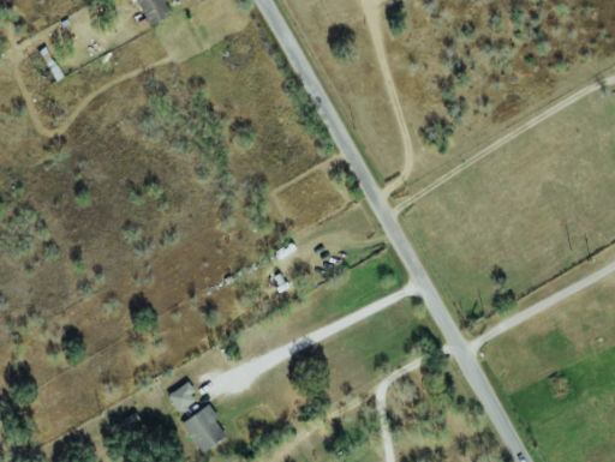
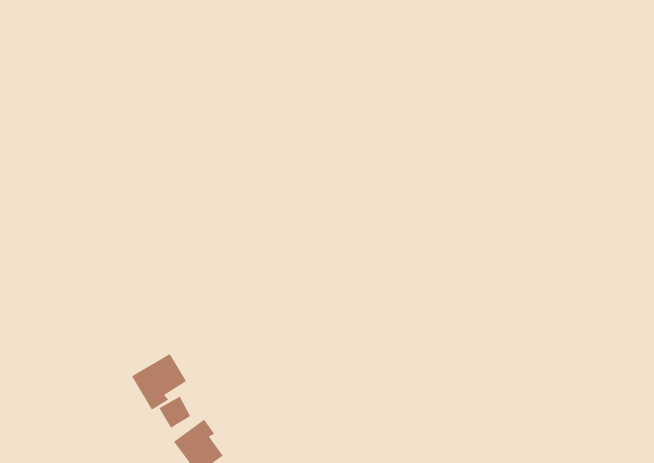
building: none -> [131,353,187,410]

